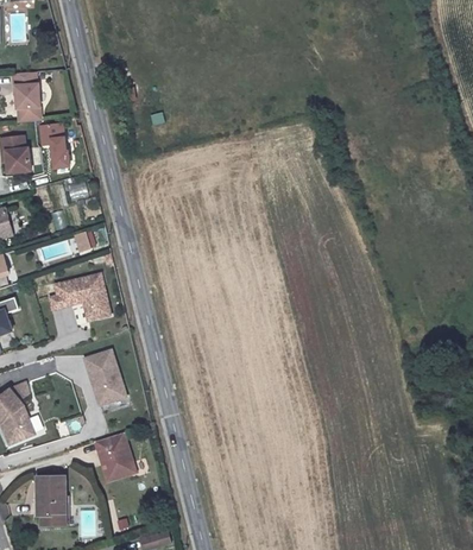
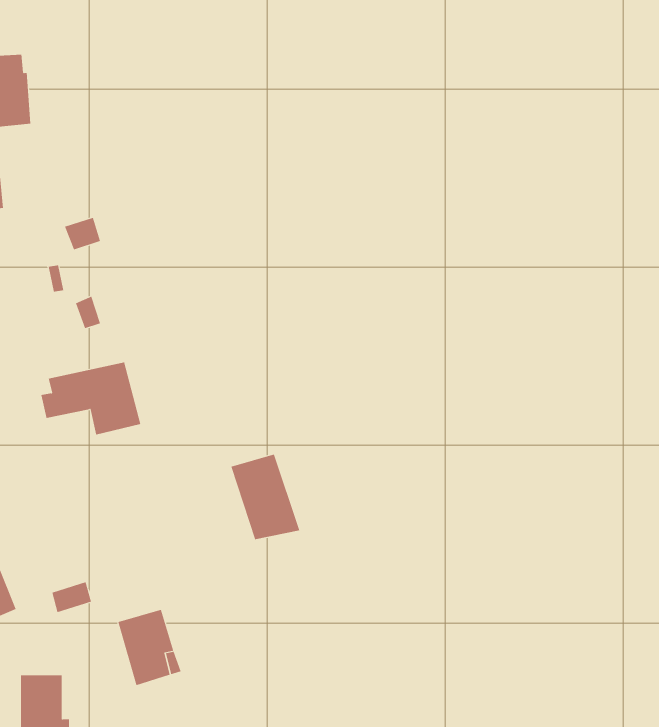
building: [36,122,67,170] -> none
building: [83,348,128,404] -> [231,454,300,540]

